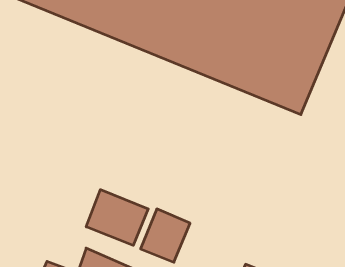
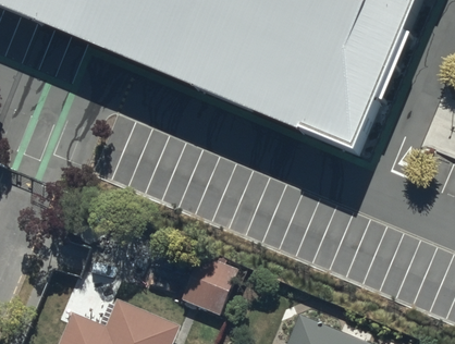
building: [86,190,148,245] -> none

